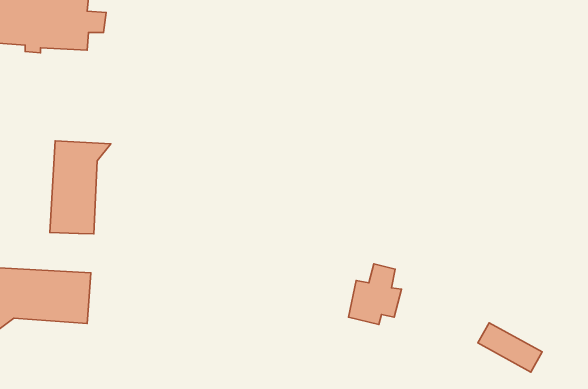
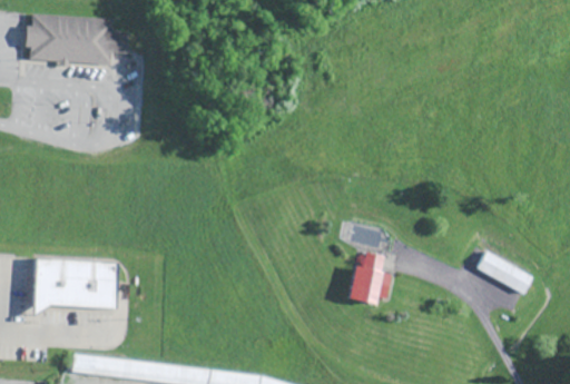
building: [50,141,111,234] -> none
building: [478,323,542,372] -> [475,253,532,296]

